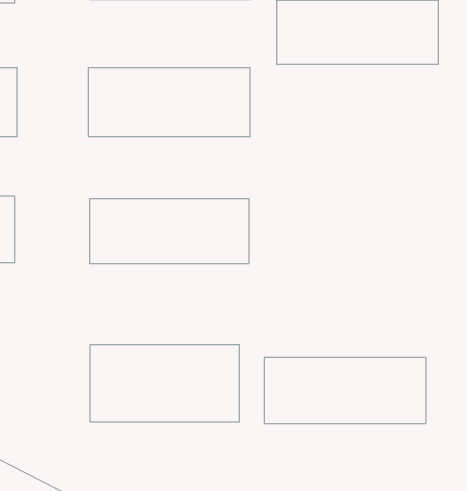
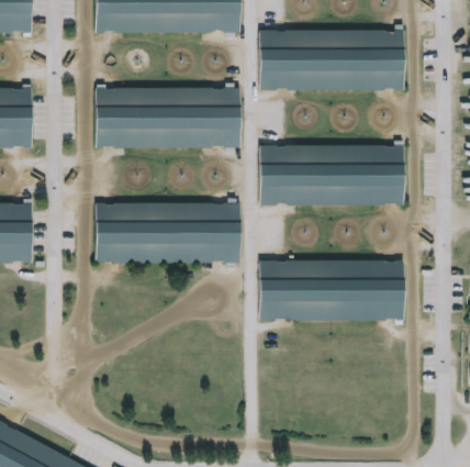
building: none -> [262,147,405,203]
building: [90,345,239,422] -> none
building: [264,357,426,423] -> [260,260,403,319]

